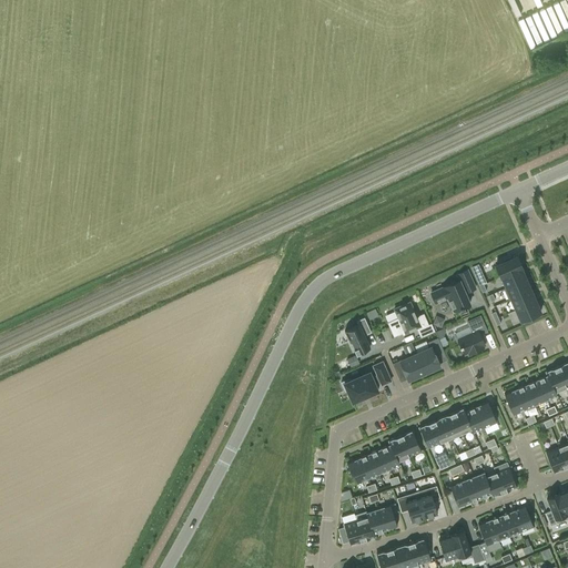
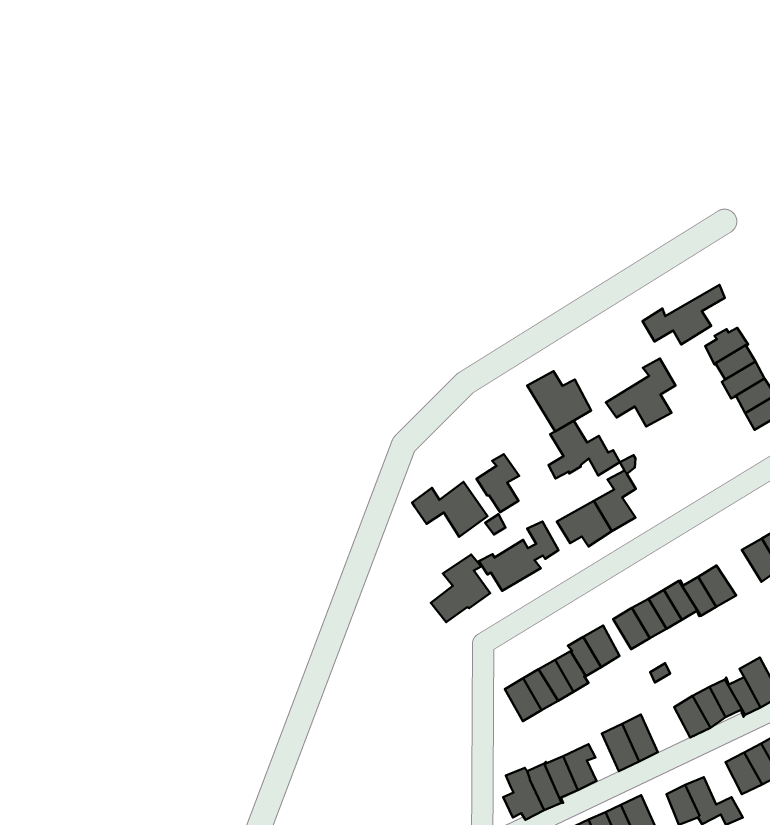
building: none -> [643,285,725,345]
building: none -> [527,371,591,431]
building: [458,316,488,355] -> none
building: none -> [412,482,488,537]
building: none -> [431,554,490,622]

